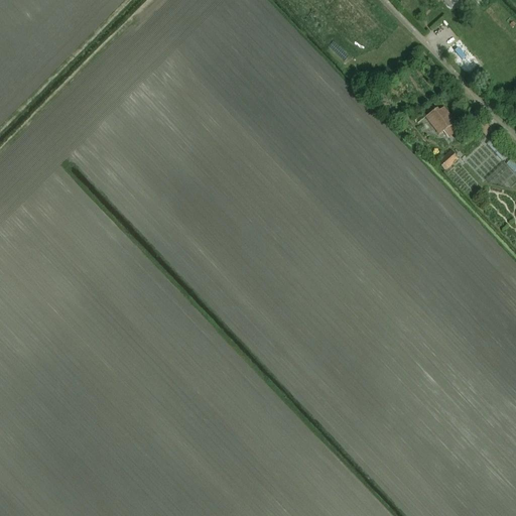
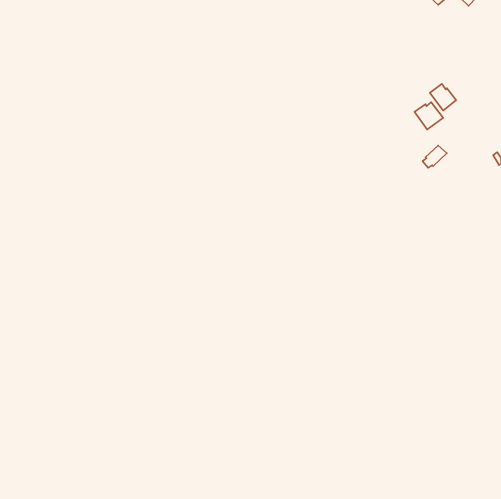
building: none -> [430,84,456,111]

